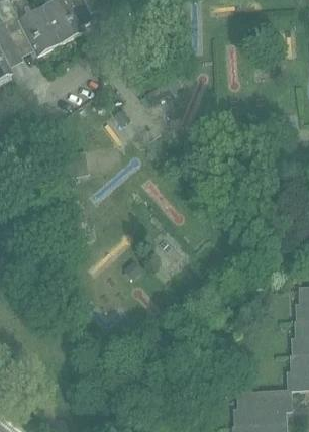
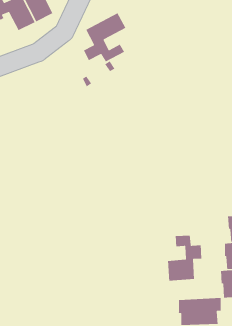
building: none -> [83,12,126,62]
building: none -> [167,235,202,281]

